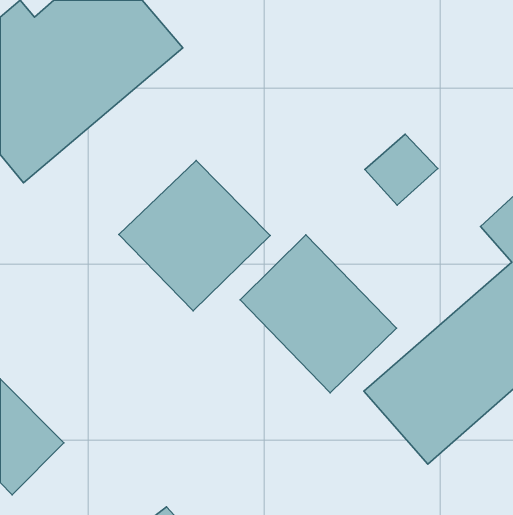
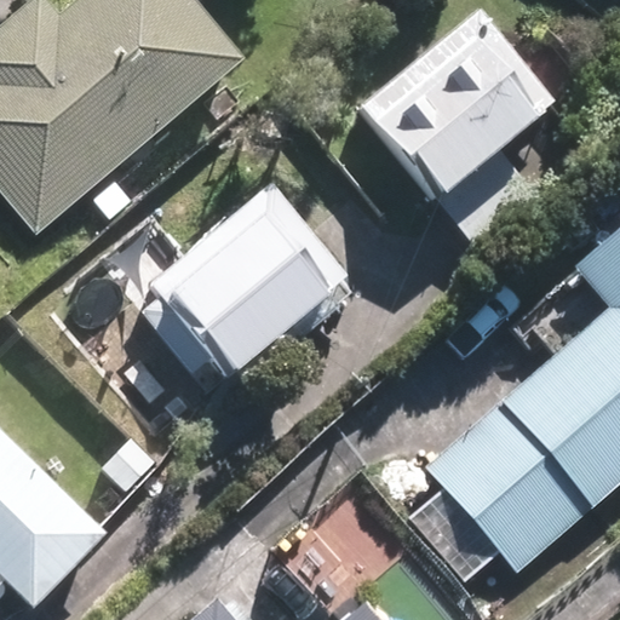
building: none -> [364,24,534,189]
building: [240,235,397,393] -> none

